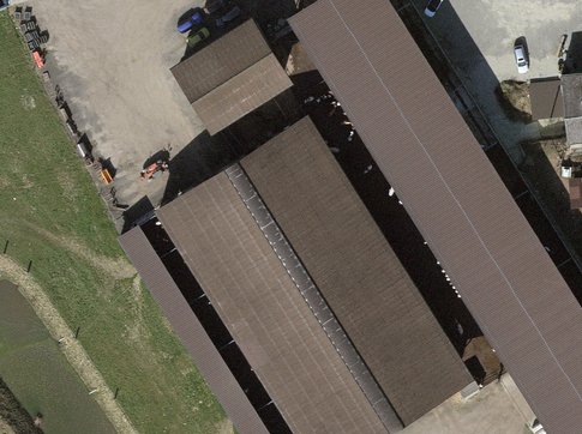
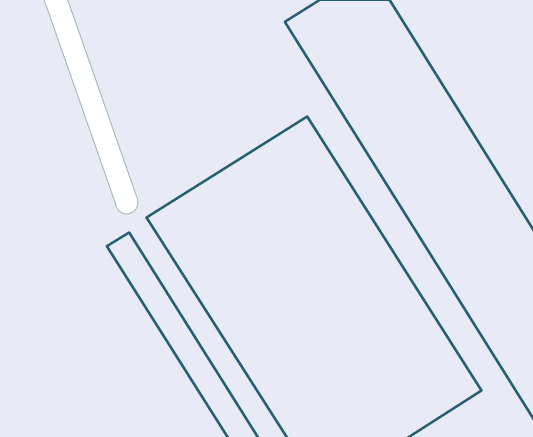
building: [173,16,296,133] -> none

